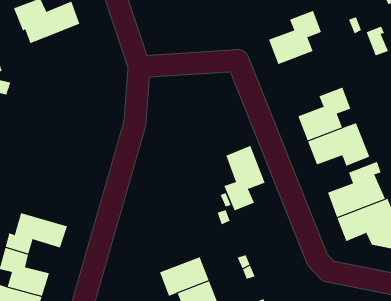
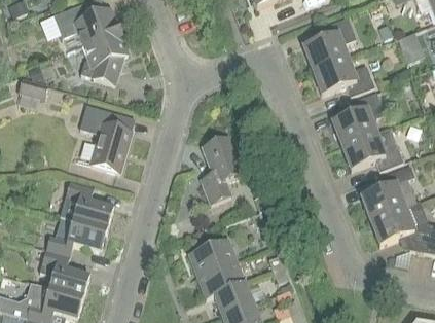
building: none -> [80,30,128,82]
building: none -> [312,57,373,95]
building: none -> [78,103,130,171]
building: [224,145,265,211] -> [200,137,241,202]
building: none -> [60,180,112,228]
building: none -> [187,237,235,274]

